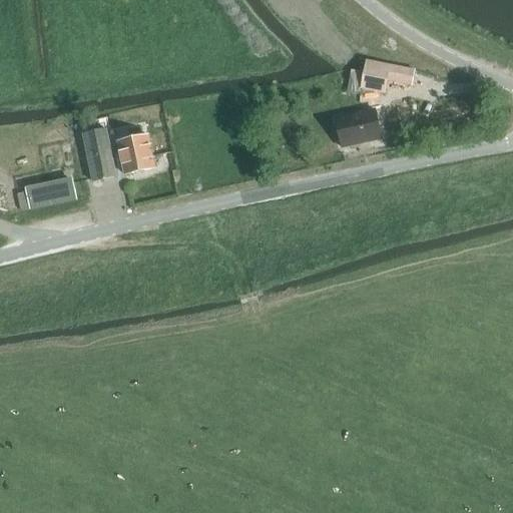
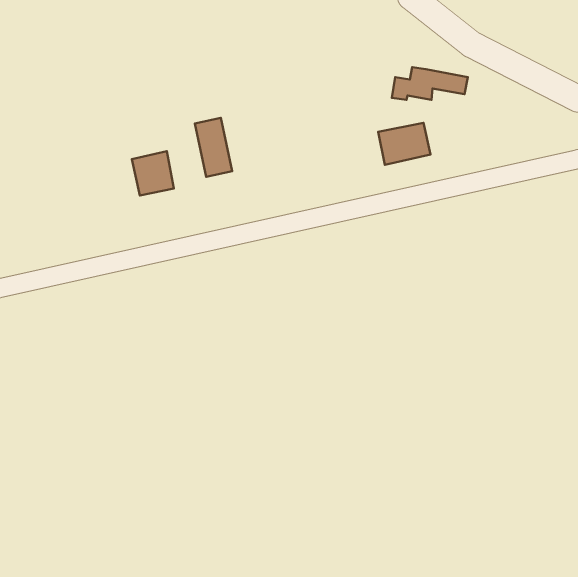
building: [81,127,114,179] -> [195,118,232,177]
building: [24,179,76,206] -> none

